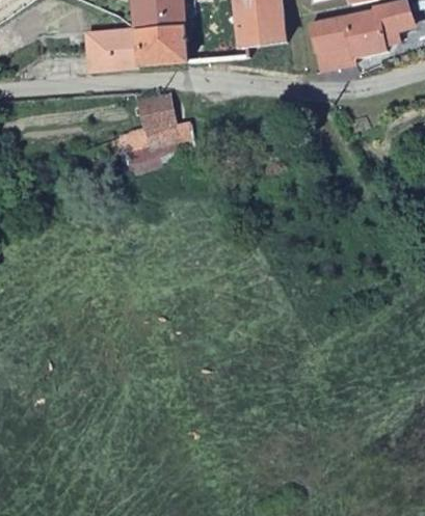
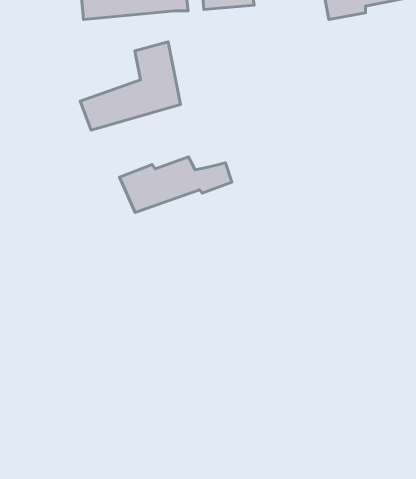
building: none -> [120,157,232,213]

